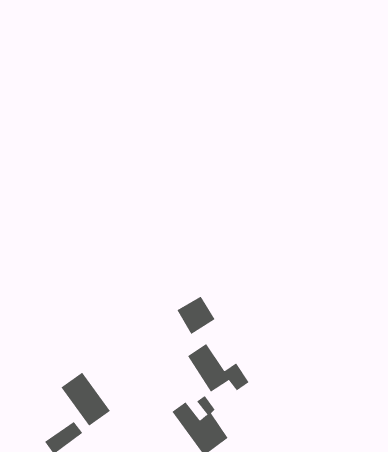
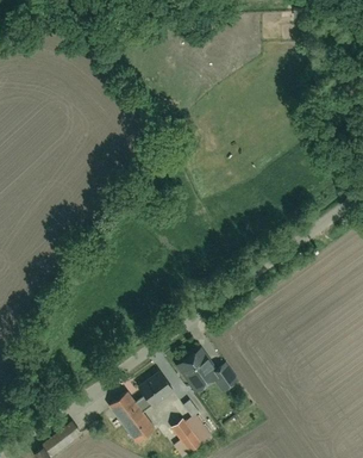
building: [177,296,216,335] -> [139,371,175,407]
building: [60,372,111,426] -> [111,391,157,441]

